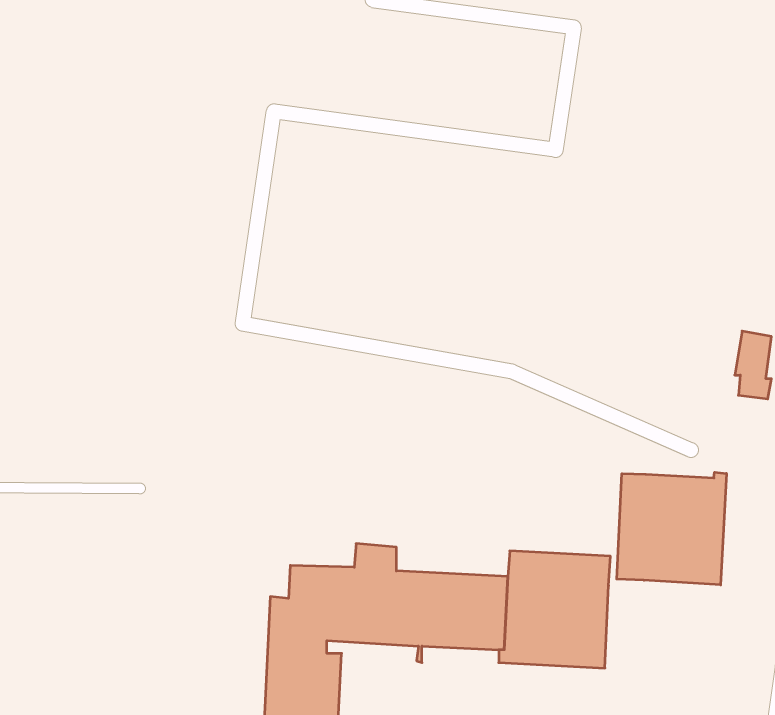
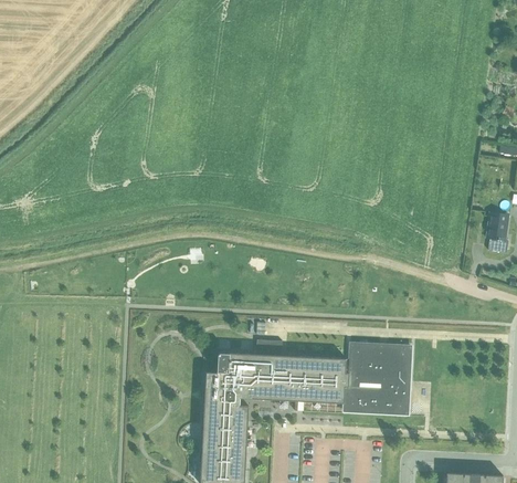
building: [617,472,726,585] -> none

